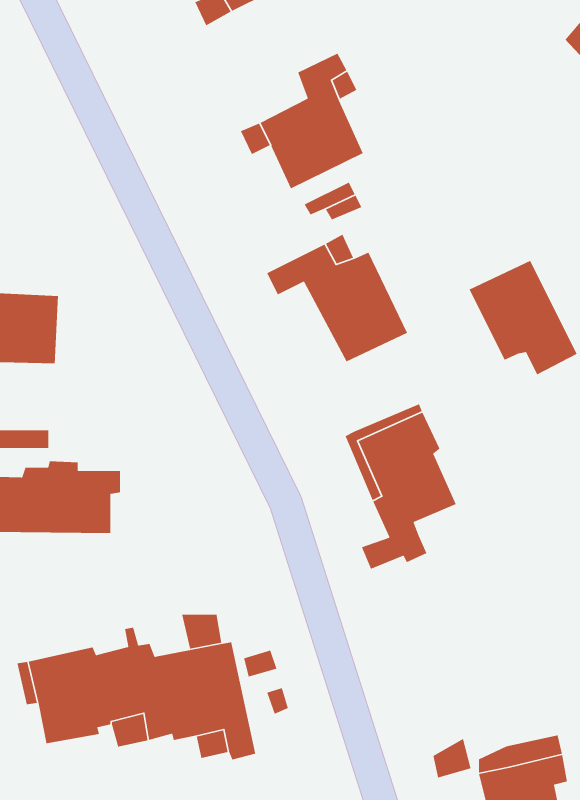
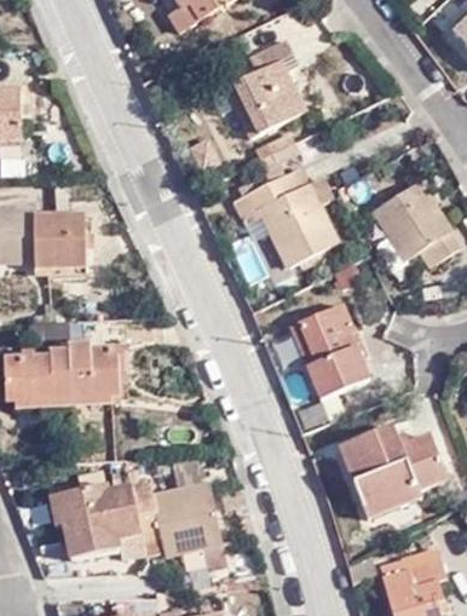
building: none -> [333,421,446,523]

